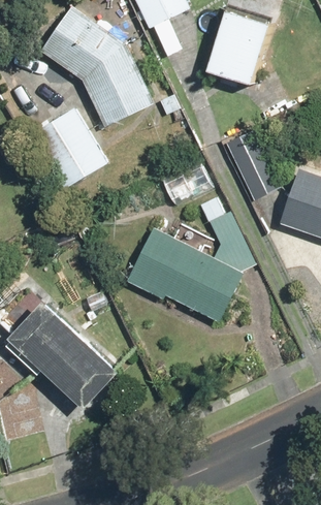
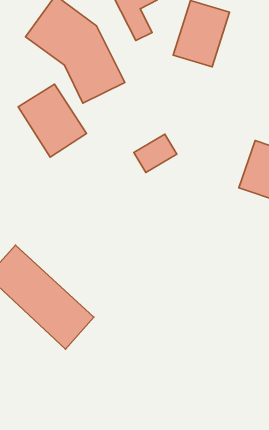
building: [224,130,281,203] -> none
building: [125,198,256,323] -> none

